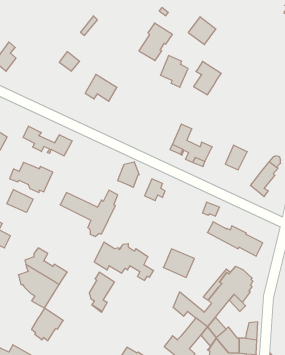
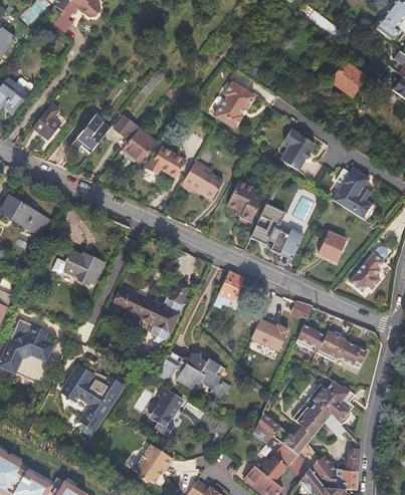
building: [188,17,216,45] -> [331,61,365,95]
building: none -> [71,114,110,151]
building: [160,56,188,87] -> [227,180,261,219]
building: none -> [122,128,156,163]
building: none -> [180,160,222,199]
building: none -> [332,167,373,220]
building: [23,126,72,156] -> none
building: [118,162,139,187] -> none
building: [7,189,33,212] -> none
building: [163,249,194,277] -> [250,315,288,350]
building: [32,308,63,341] -> [133,444,172,484]

